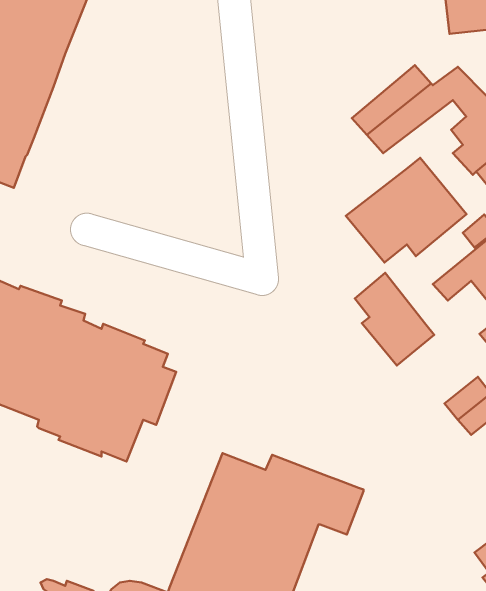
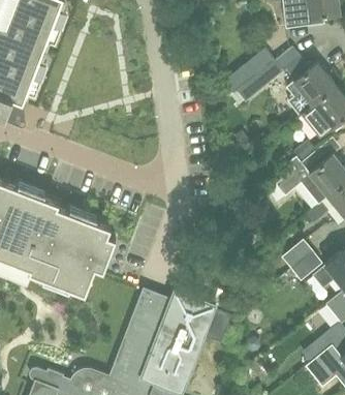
building: [346,158,466,262] -> none
building: [355,273,434,365] -> none

